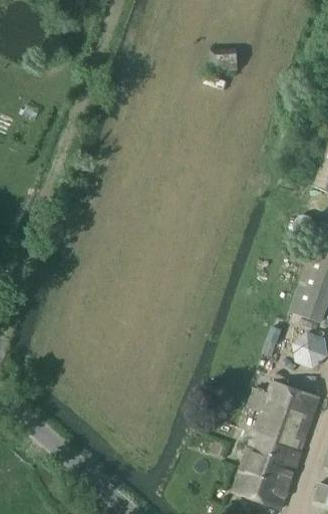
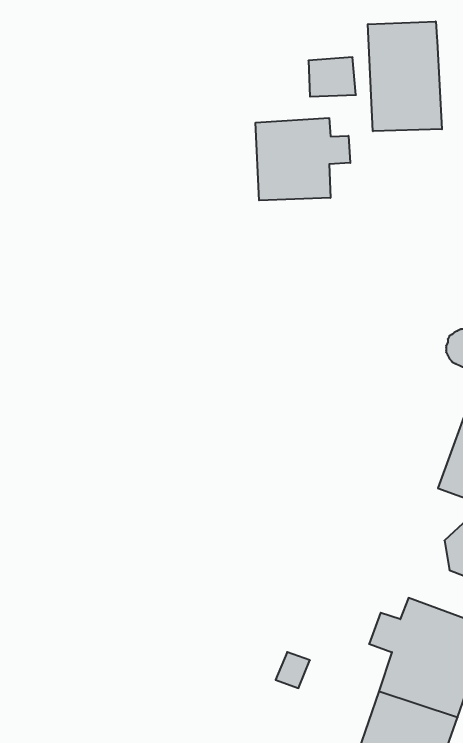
building: none -> [368,21,442,131]
building: none -> [256,118,350,200]

